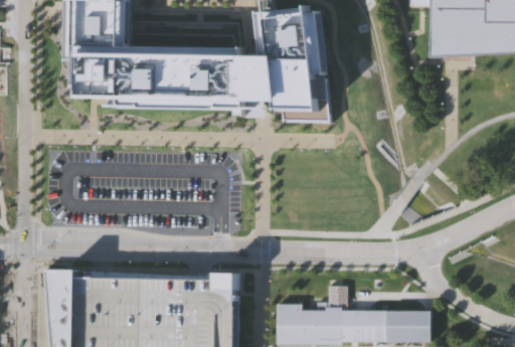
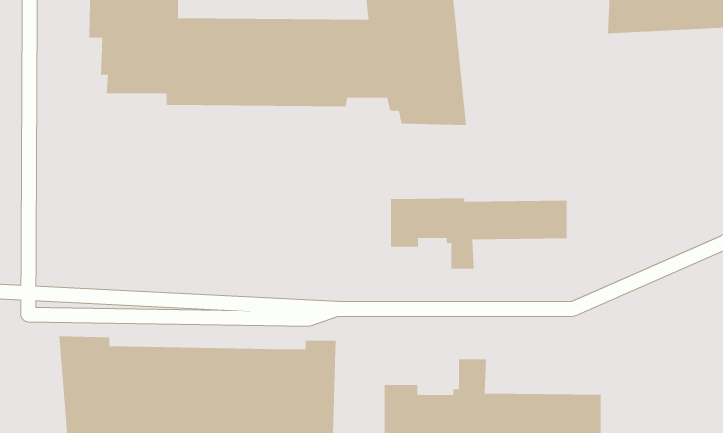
building: none -> [390,197,567,269]

